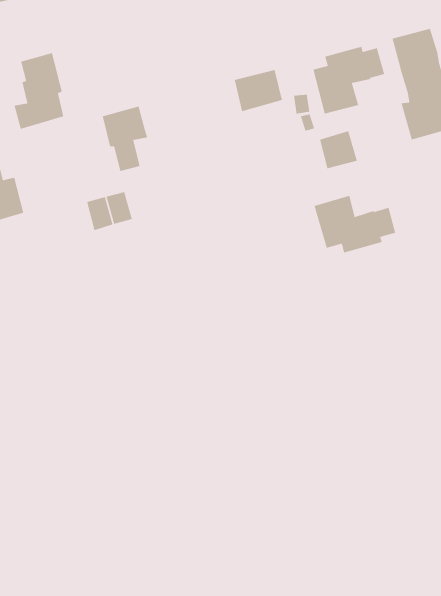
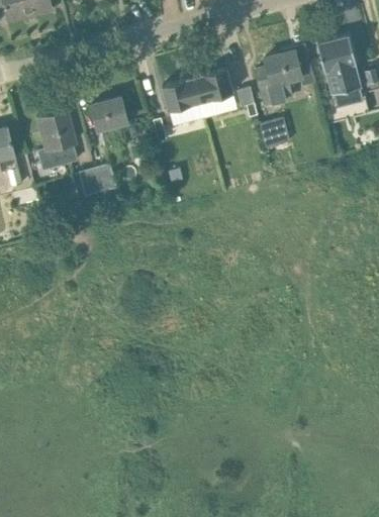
building: [14,52,64,130] -> [36,110,76,171]
building: none -> [162,76,200,109]
building: [313,195,396,253] -> none

